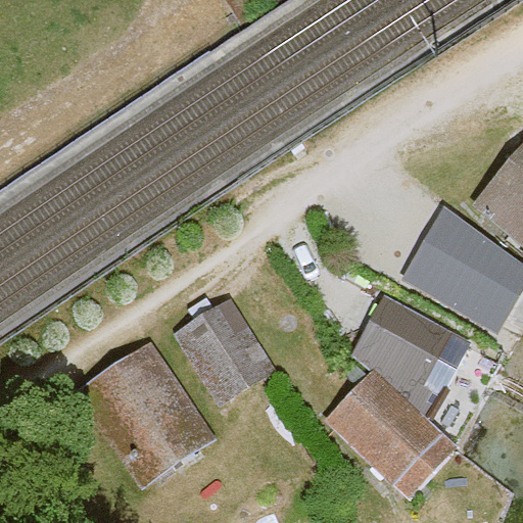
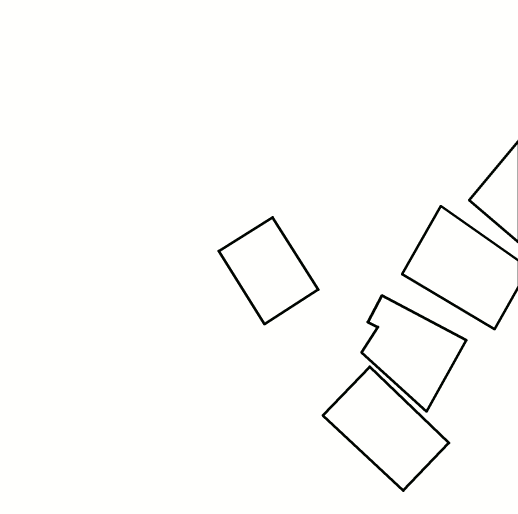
building: [175,297,275,405] -> [219,217,318,324]
building: [73,343,211,488] -> none

